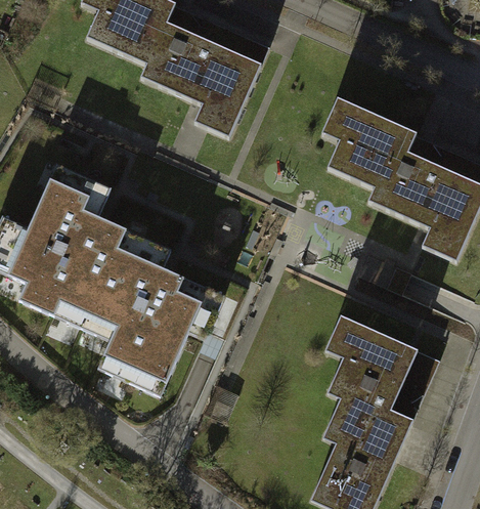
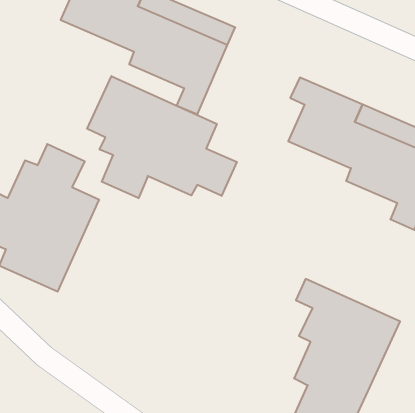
building: none -> [87,76,237,198]
building: [78,230,221,396] -> none

